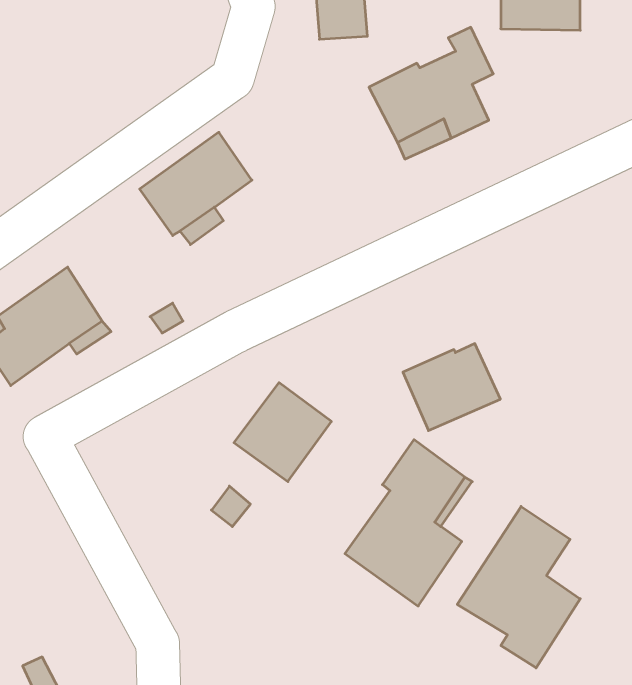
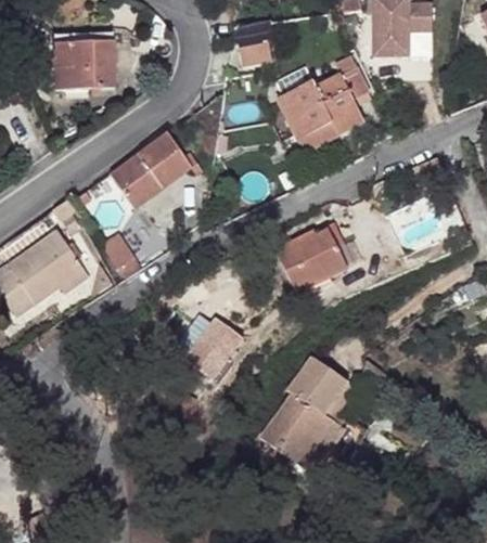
building: none -> [43,40,115,87]
building: [403,344,500,431] -> [277,228,347,290]
building: [457,506,580,668] -> none

